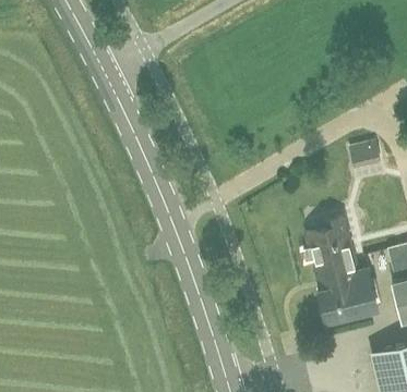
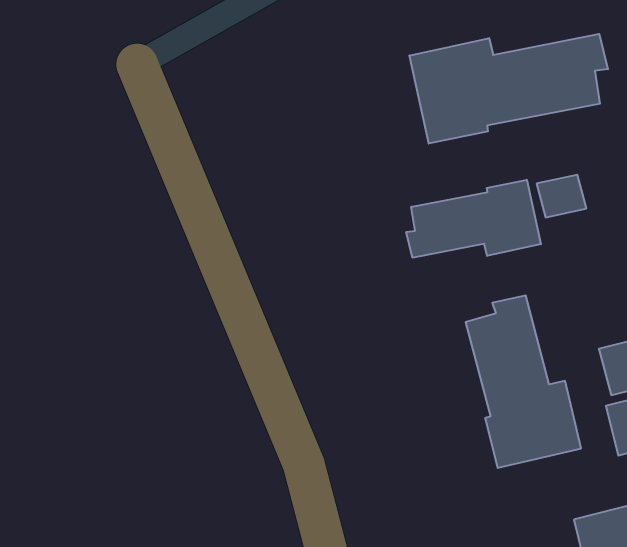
building: none -> [409,34,608,144]
building: none -> [406,180,541,258]

